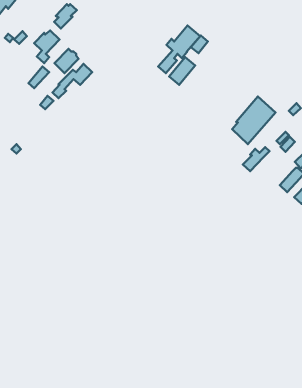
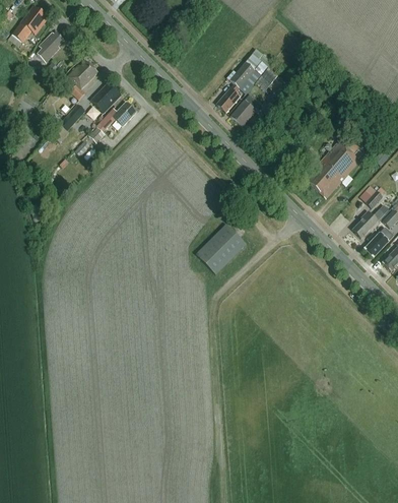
building: [54,4,77,29] -> [38,32,65,61]
building: [243,147,269,171] -> [352,208,385,238]
building: none -> [196,223,247,273]

